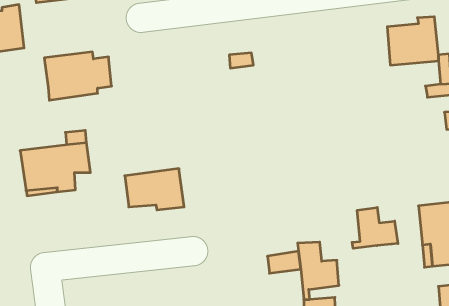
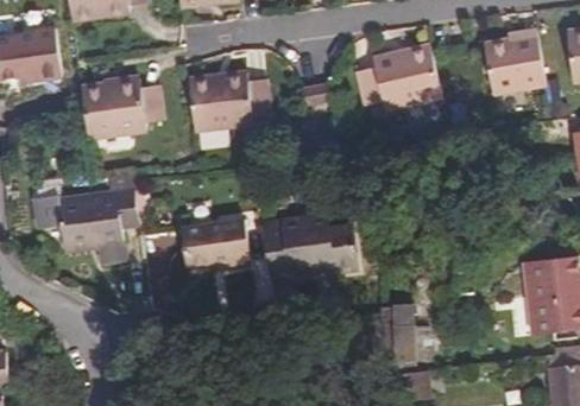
building: none -> [358,46,441,104]
building: none -> [189,74,270,128]
building: none -> [261,215,359,283]
building: [352,207,398,248] -> none

